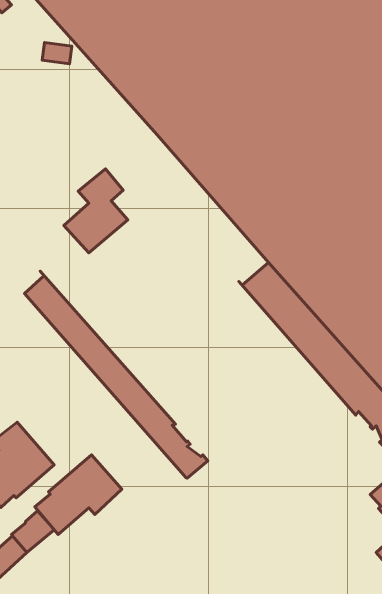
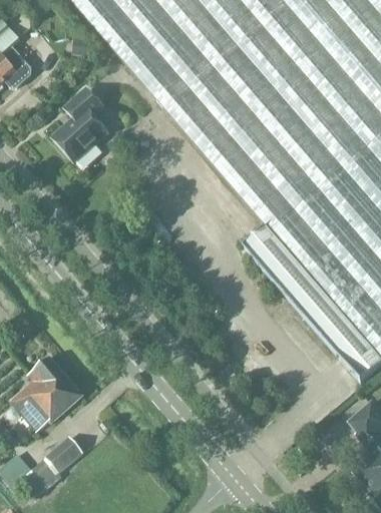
building: [64,169,128,253] -> [53,88,107,159]
building: [25,271,208,478] -> none
building: [35,455,122,535] -> none

